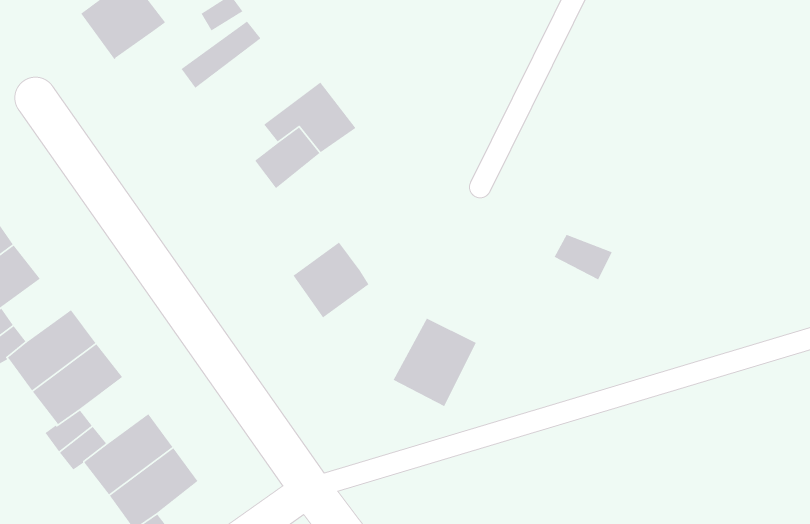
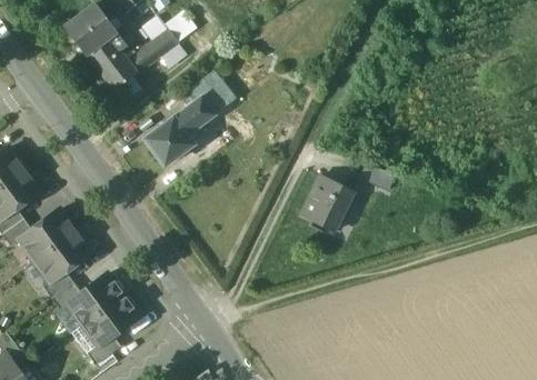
building: none -> [87,39,136,91]
building: [292,241,370,318] -> [143,119,191,167]
building: [392,317,477,407] -> [300,178,352,233]

